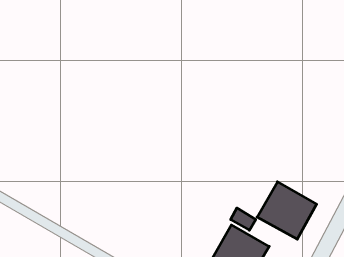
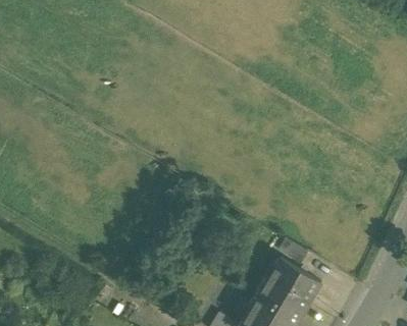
building: [257,182,317,239] -> none

